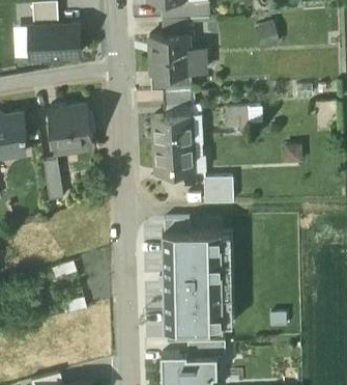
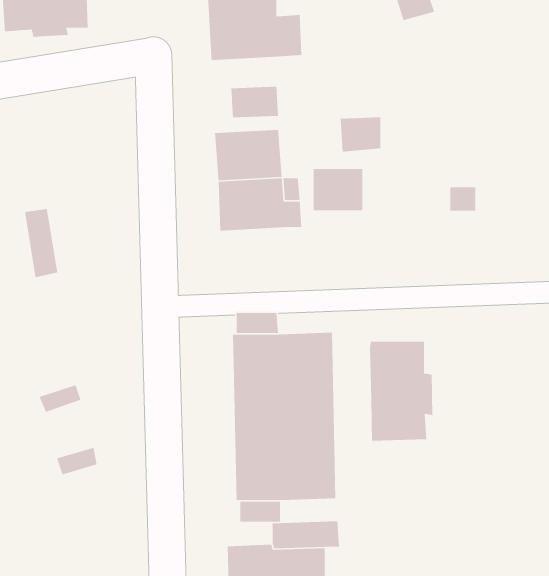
building: [151,73,192,90] -> none
building: [49,104,92,148] -> none
building: [204,177,233,202] -> [313,168,363,211]
building: none -> [369,341,433,442]

